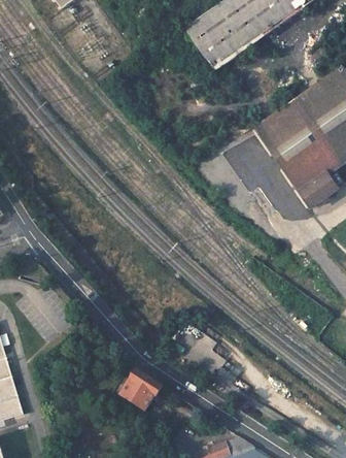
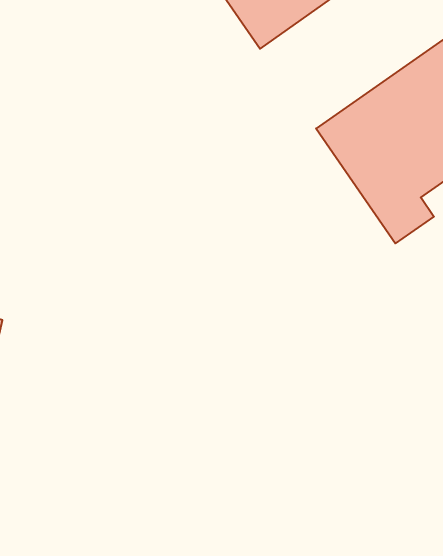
building: [122,368,163,408] -> none

